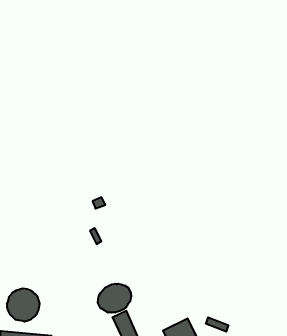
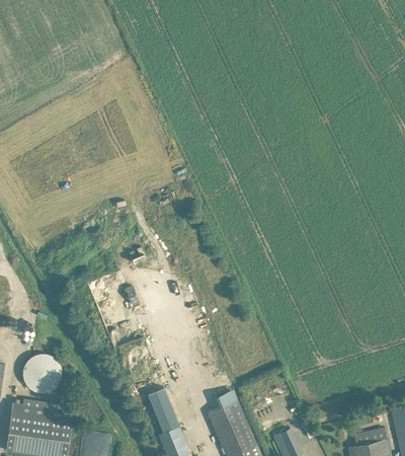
building: [98,284,131,313] -> none

